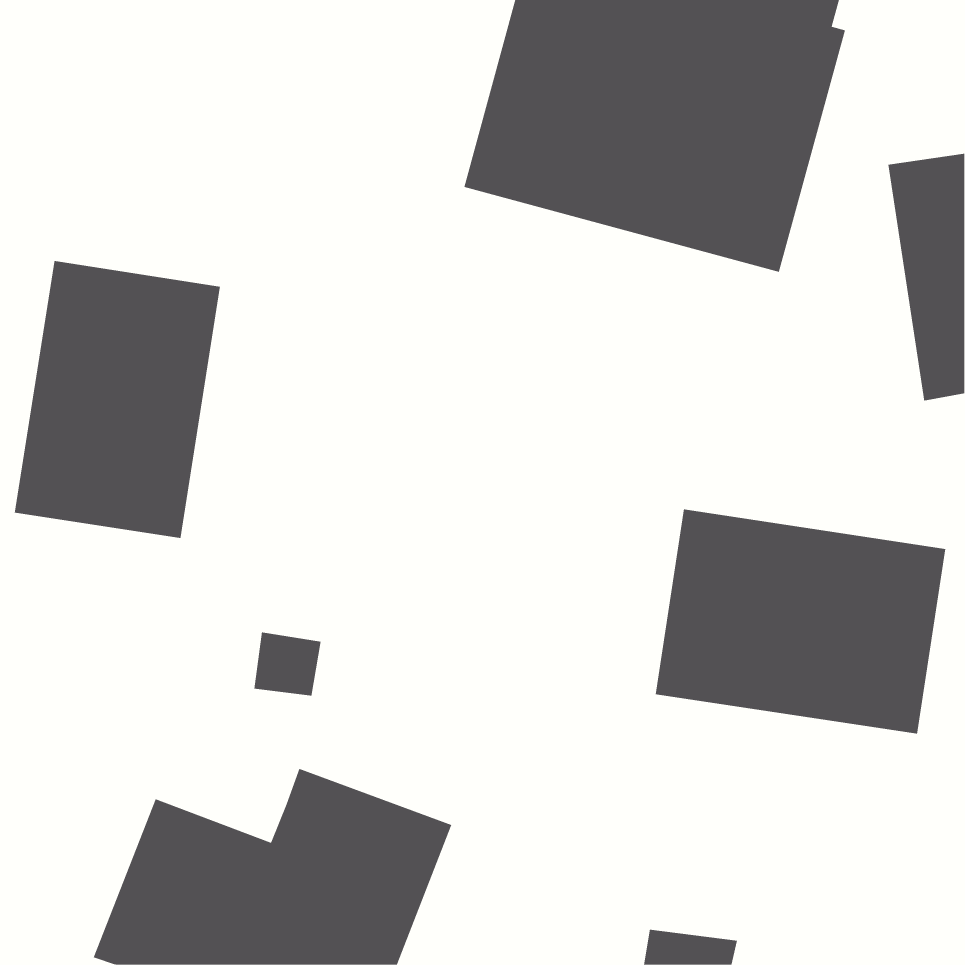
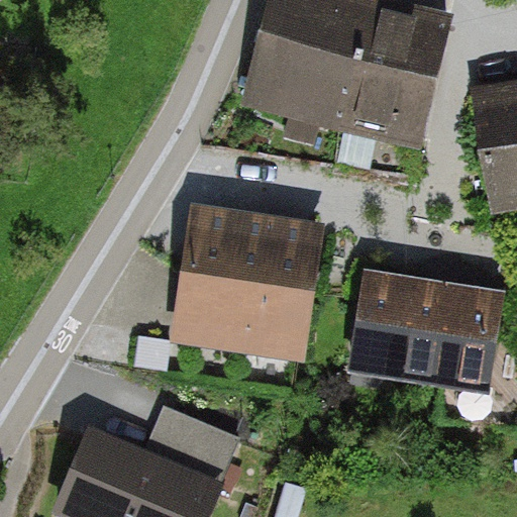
building: [14,260,221,539] -> none
building: none -> [171,205,323,359]

